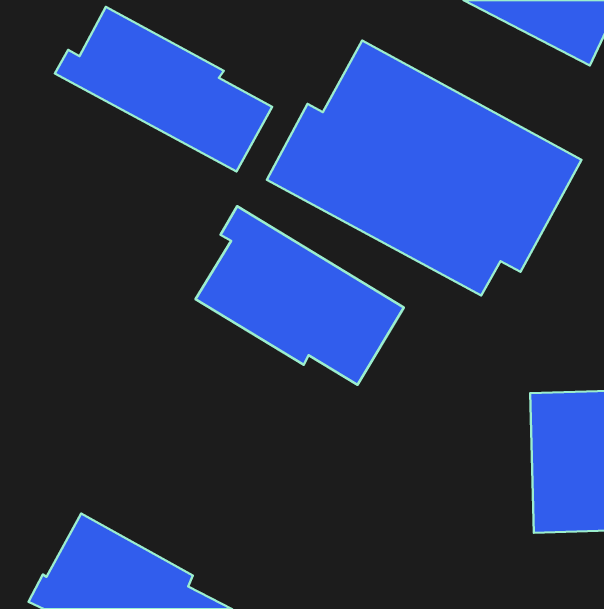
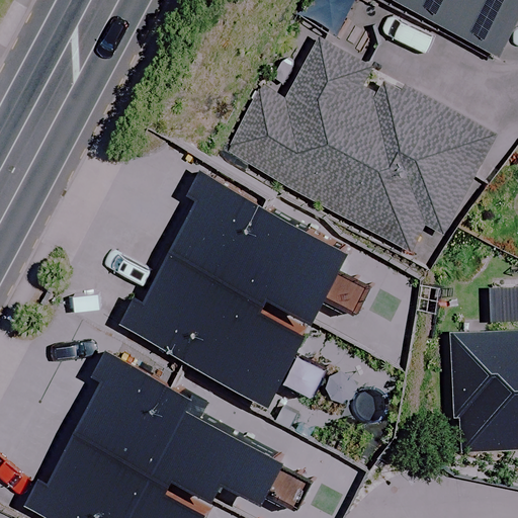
building: [55,7,272,172] -> none
building: none -> [119,254,303,410]
building: none -> [73,355,279,505]

